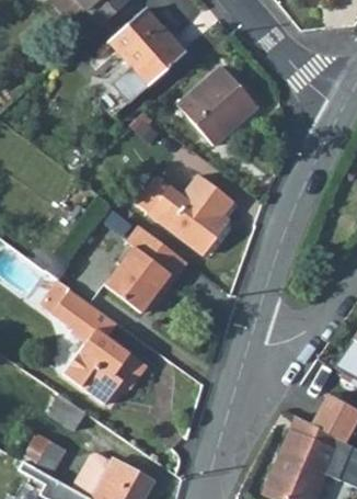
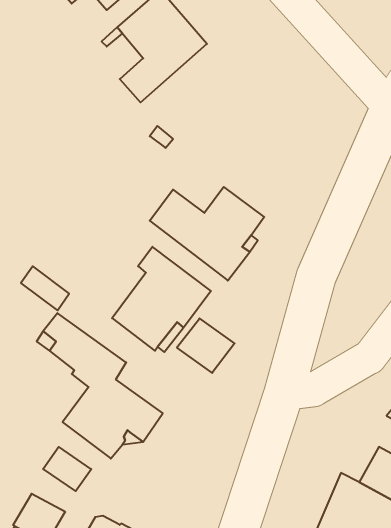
building: [177,65,258,145] -> none
building: none -> [177,318,235,373]

